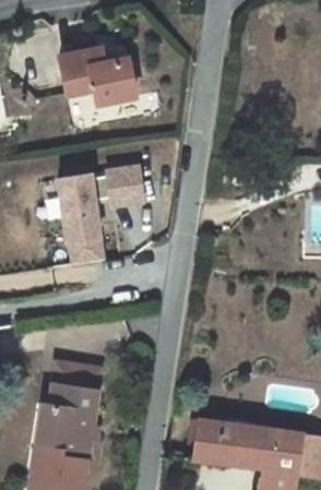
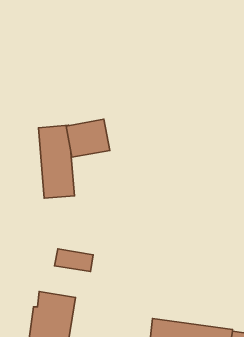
building: [67,43,141,97] -> none
building: [51,361,102,391] -> [54,249,93,272]

